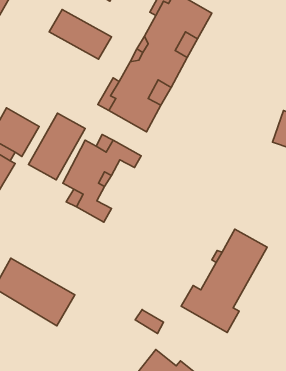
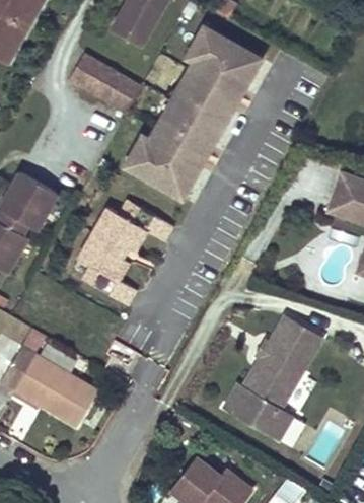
building: [28,113,85,180] -> none

